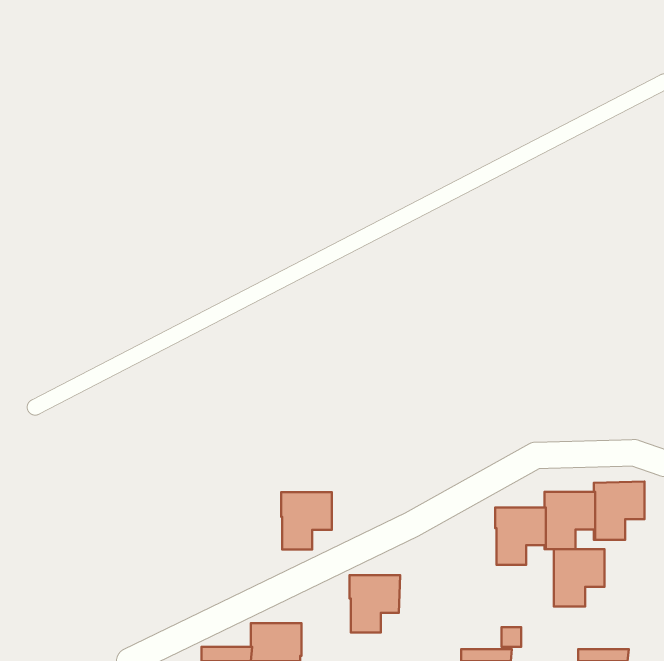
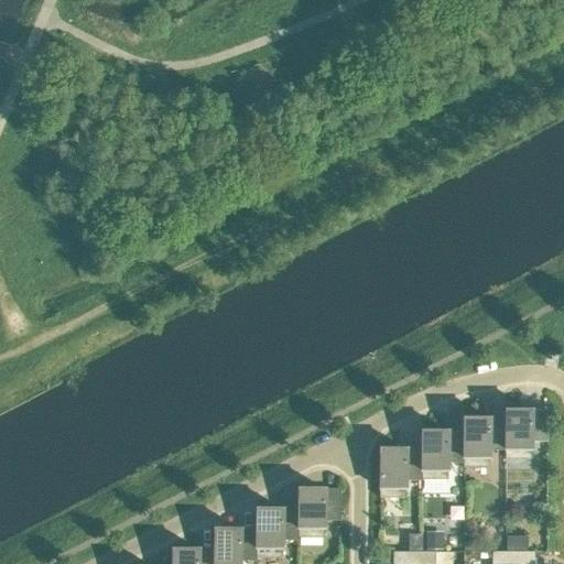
building: [281,492,332,549] -> [254,507,297,555]
building: [554,549,605,606] -> [378,447,421,496]

